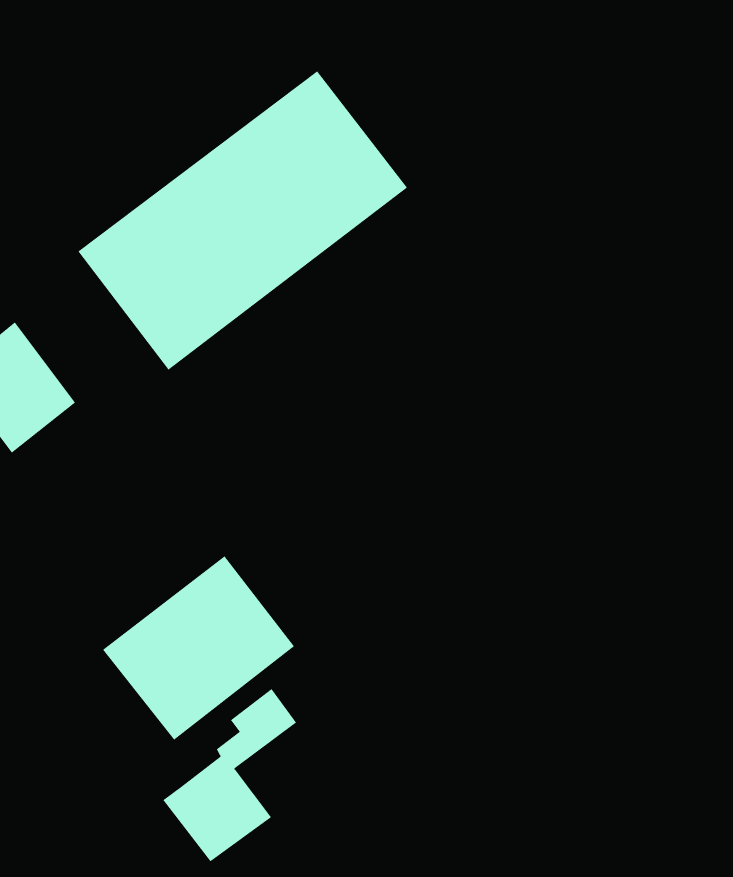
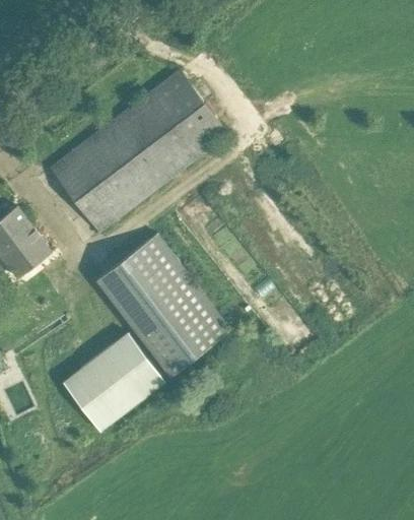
building: none -> [96,232,230,376]
building: [162,688,297,862] -> none

